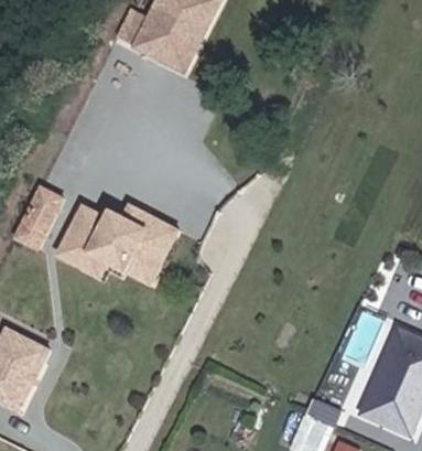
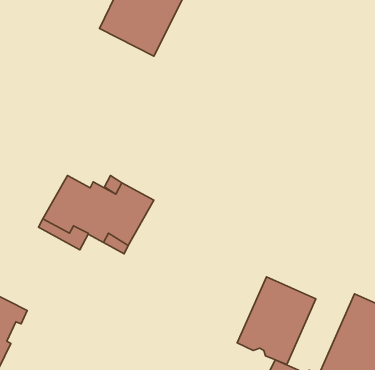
building: [22,183,62,227] -> none
building: none -> [237,277,316,365]

